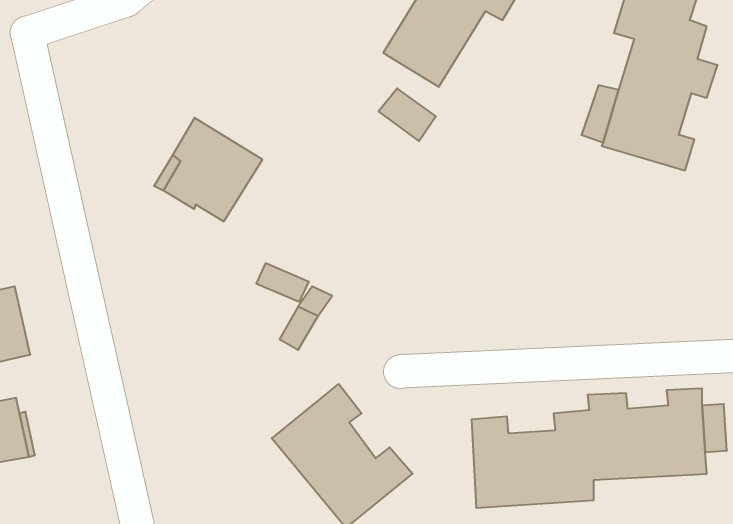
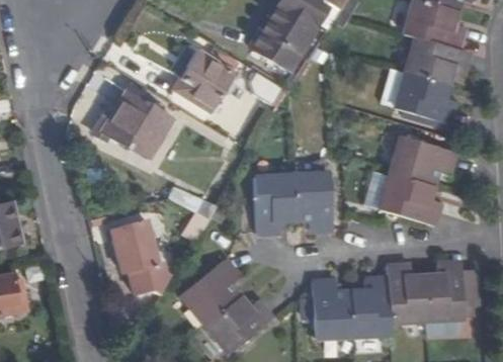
building: none -> [171,41,237,110]
building: none -> [374,131,456,222]
building: none -> [253,176,331,238]
building: none -> [108,218,174,294]

